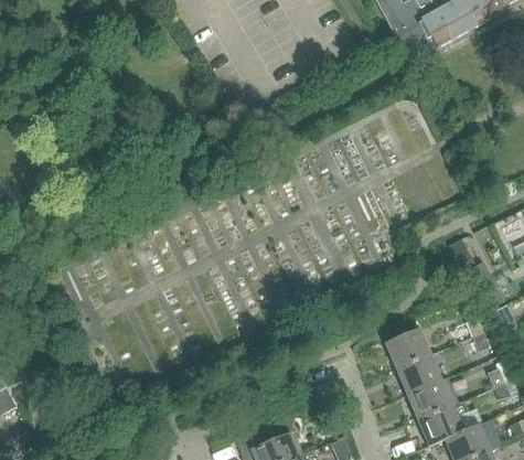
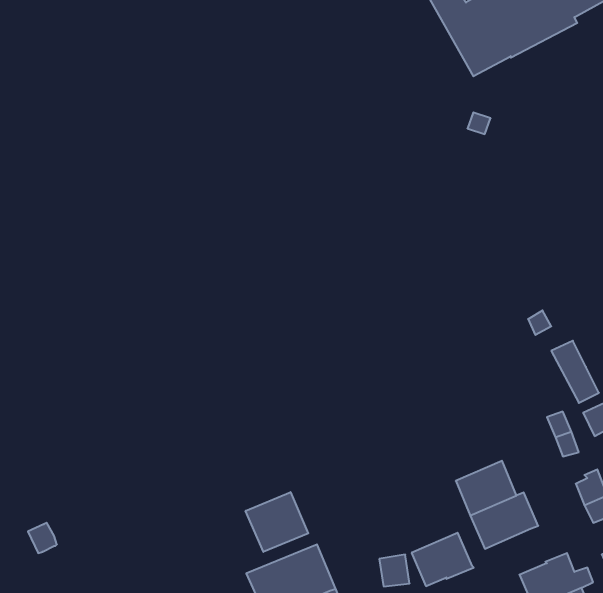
building: [385,329,431,370] -> none
building: none -> [246,492,308,552]
building: [418,406,466,447] -> [412,533,474,586]

